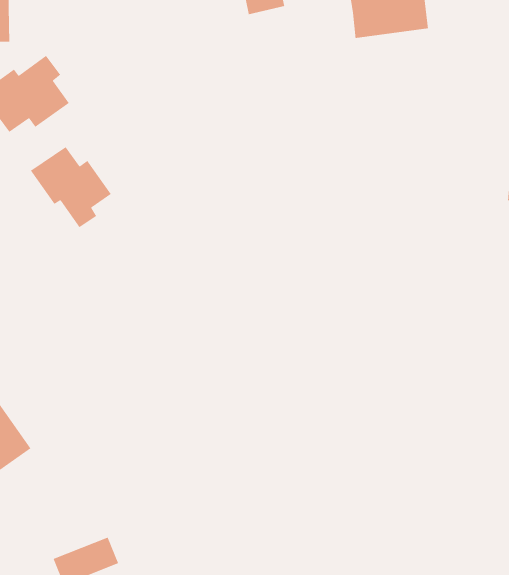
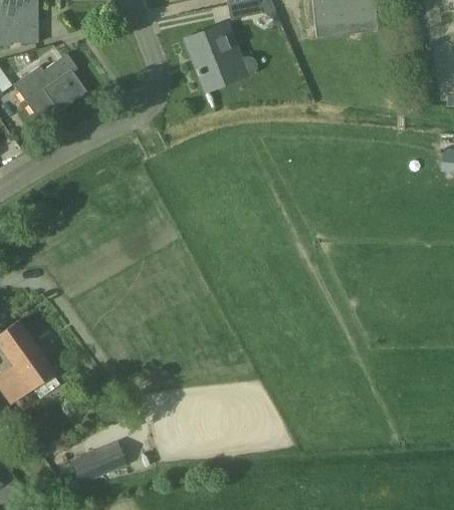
building: none -> [187,24,256,90]
building: [30,146,112,228] -> none

